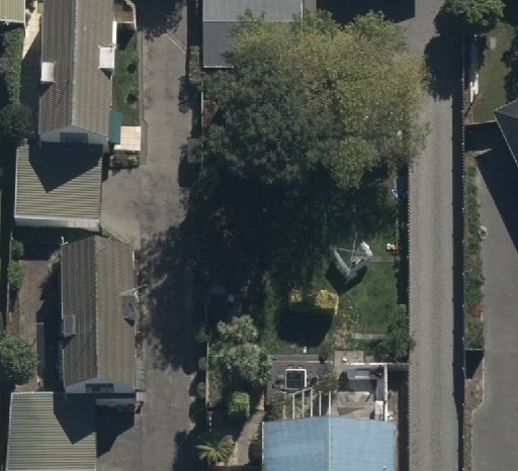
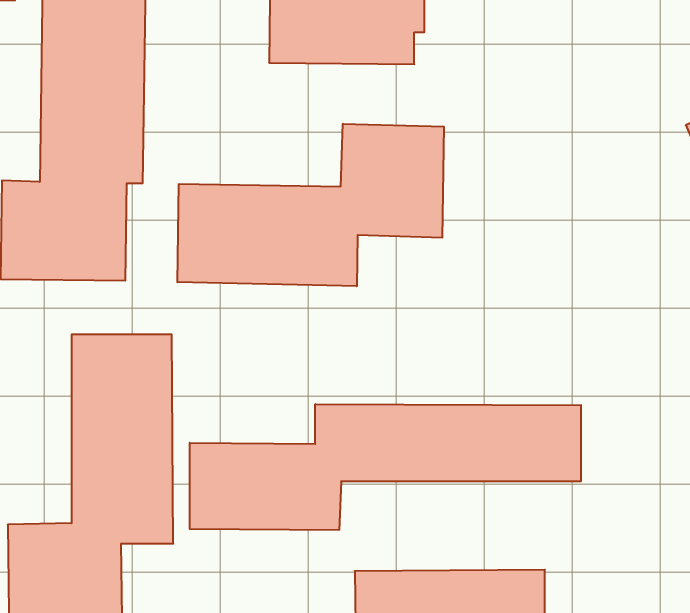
building: none -> [177,124,444,286]
building: none -> [190,404,581,530]

